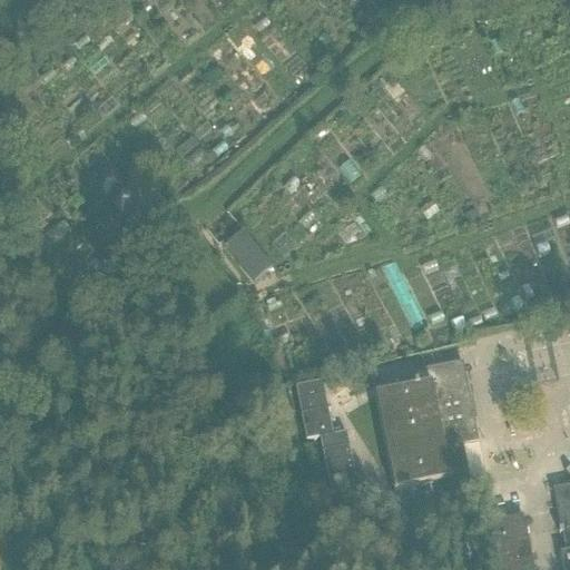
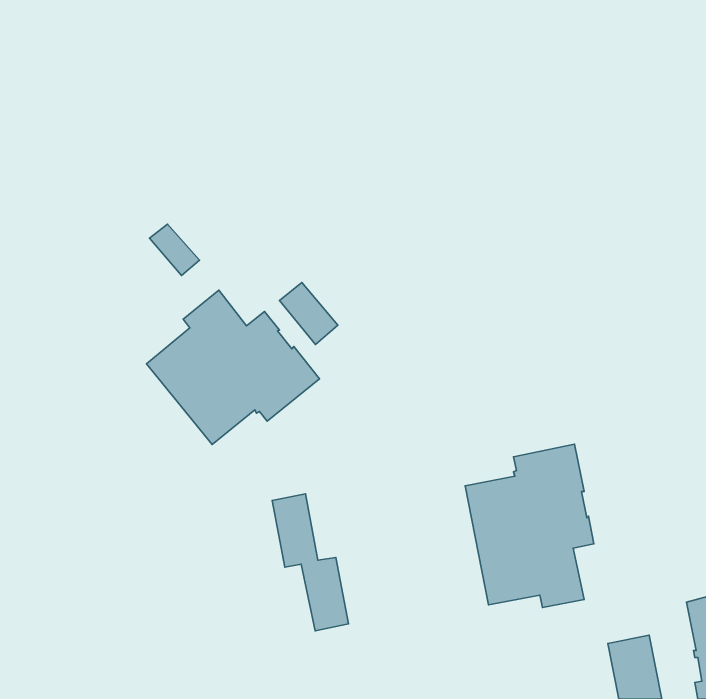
building: none -> [146,290,320,445]
building: [296,377,357,488] -> [272,494,348,631]

